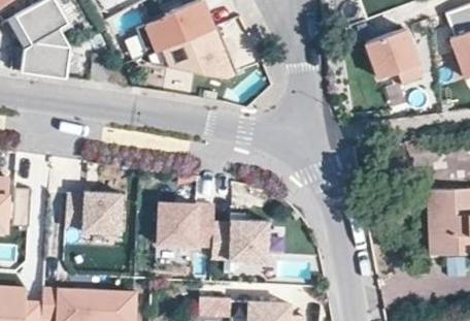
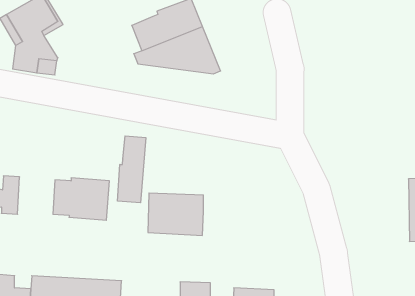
building: [359,28,415,82] -> none
building: none -> [118,136,146,203]
building: [215,220,272,262] -> none

